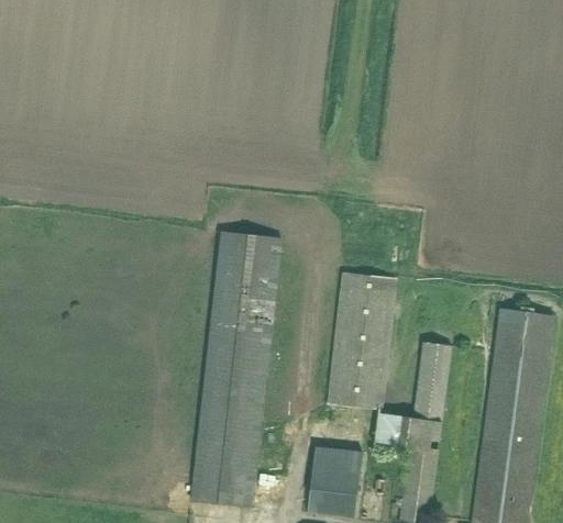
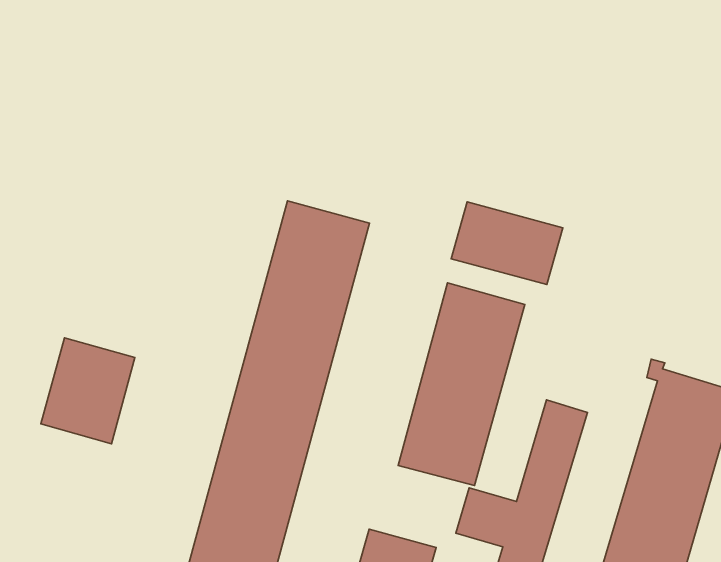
building: none -> [451,202,563,285]
building: none -> [41,338,135,444]

